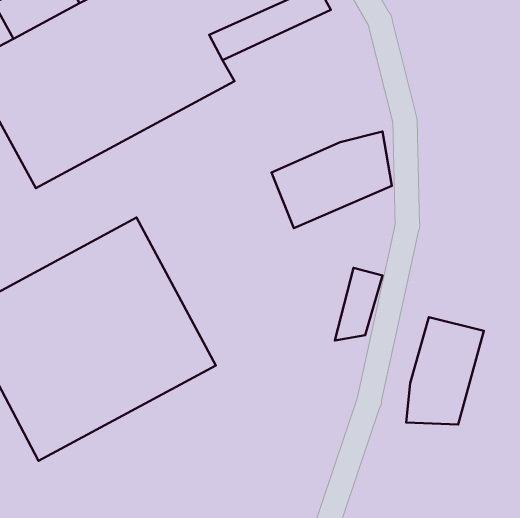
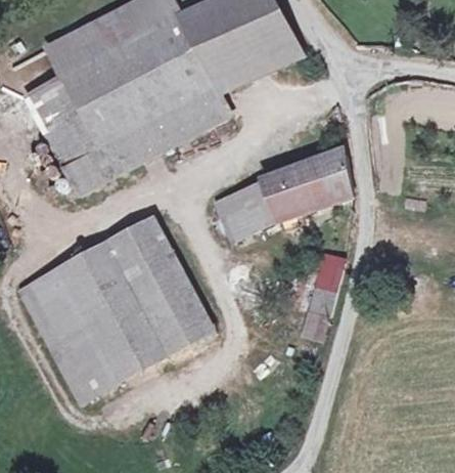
building: none -> [212,180,275,243]
building: [406,317,484,424] -> none

